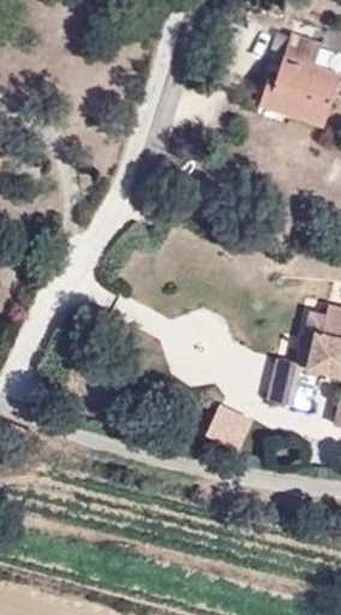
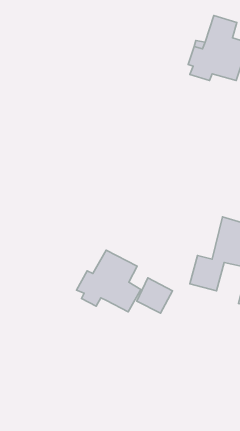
building: none -> [77,250,141,312]

